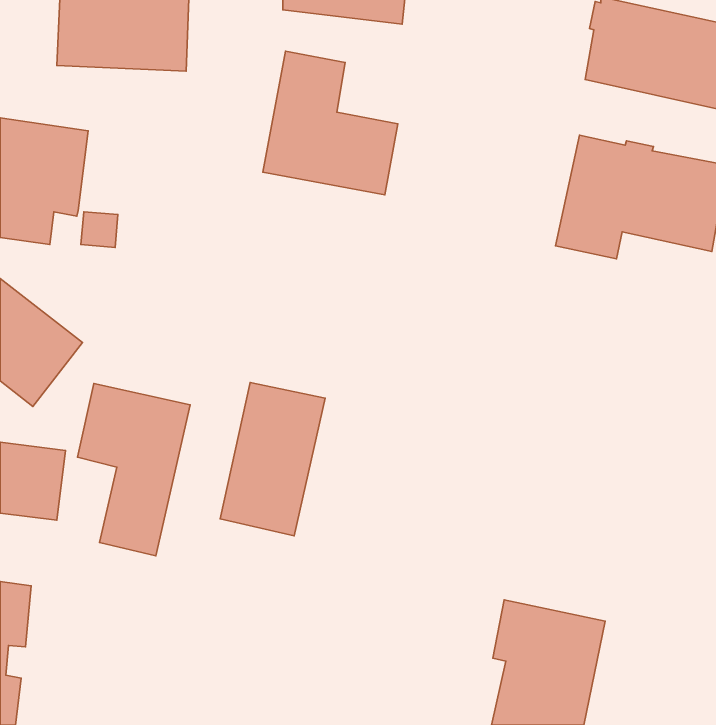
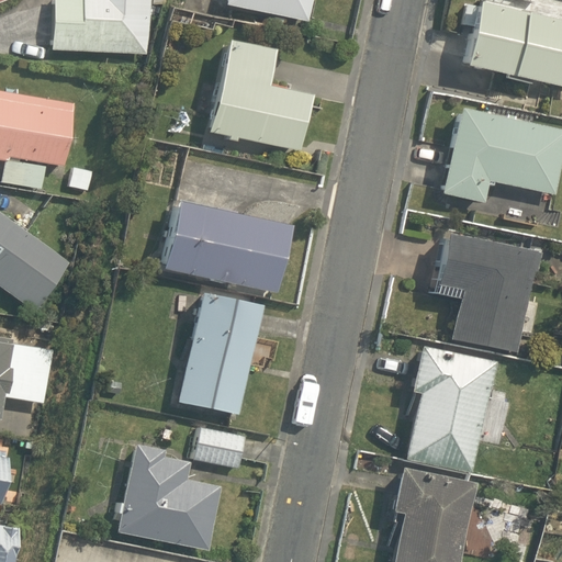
building: none -> [161,201,296,297]
building: none -> [430,229,539,350]
building: [77,383,190,556] -> none
building: none -> [404,342,496,471]
building: none -> [114,424,247,553]

